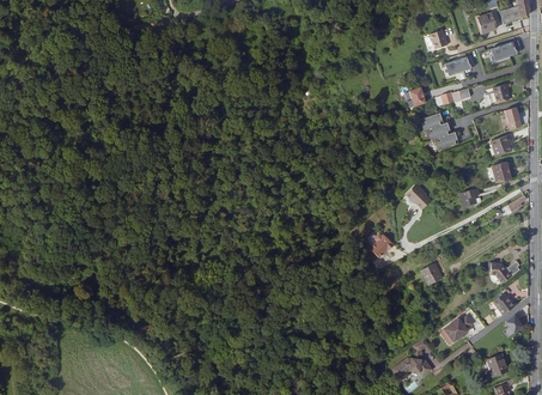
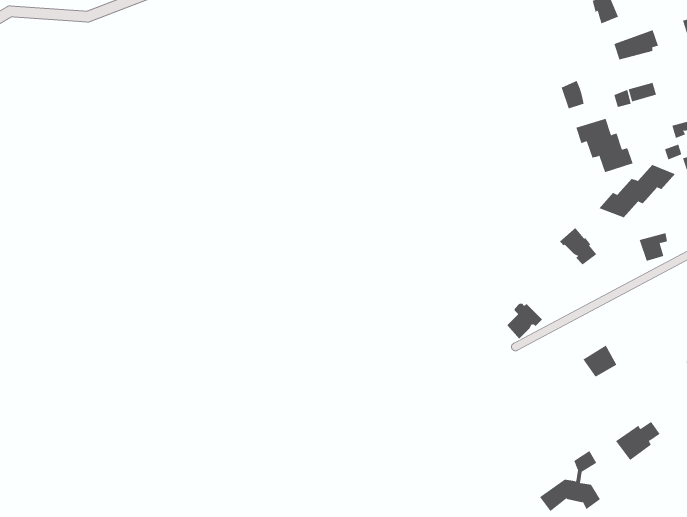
building: none -> [598,164,676,218]

